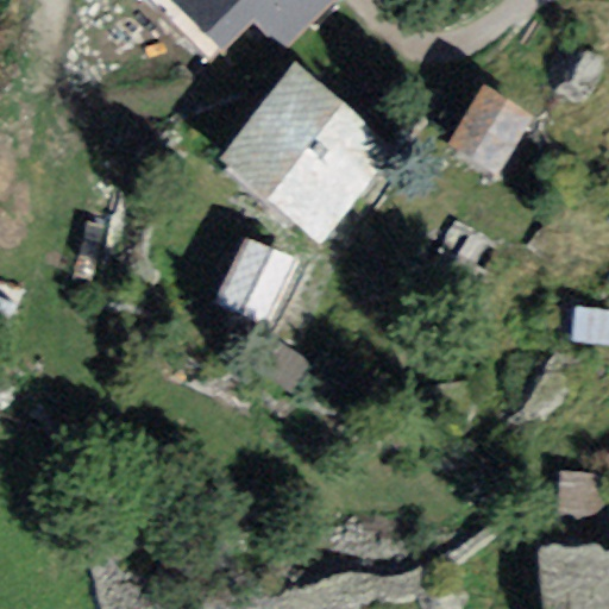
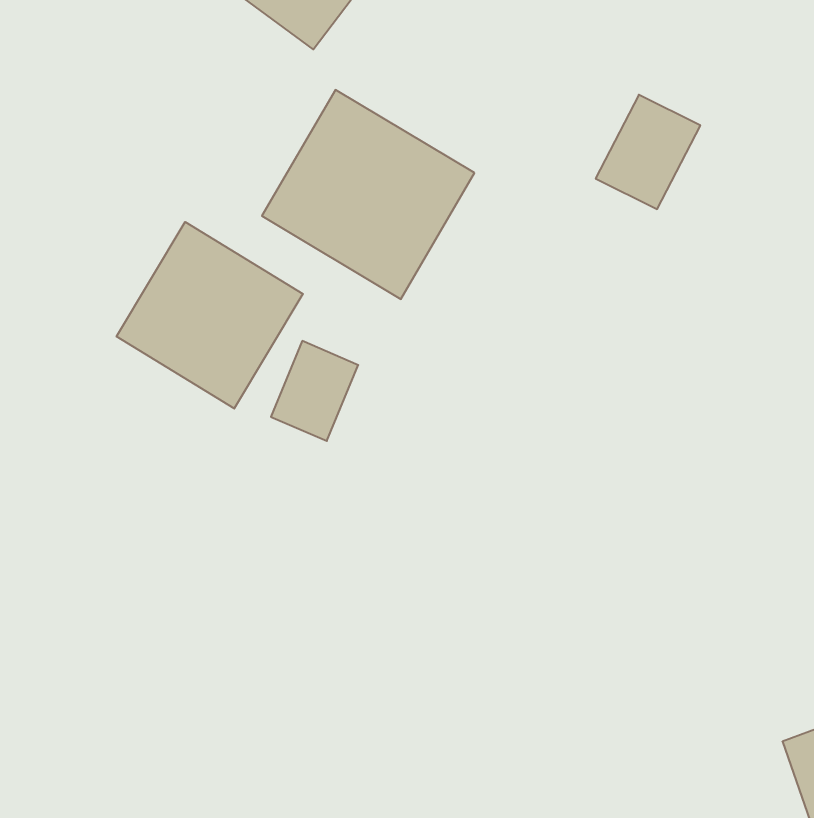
building: none -> [117,222,303,409]

